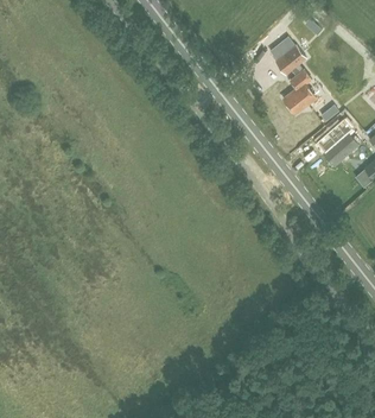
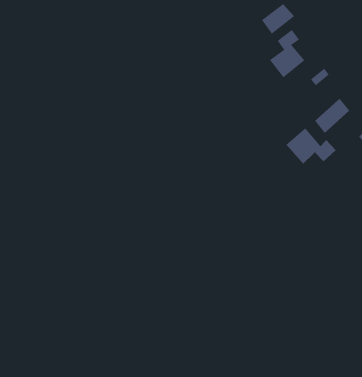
building: none -> [285,128,336,164]

